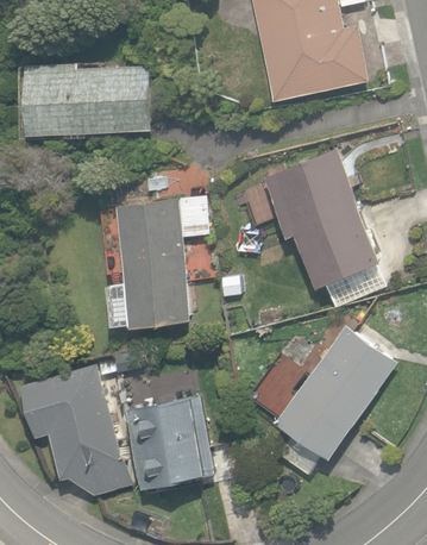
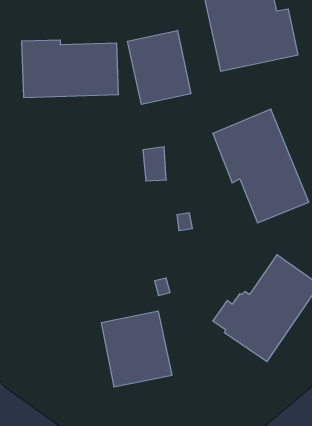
building: none -> [128,30,191,104]
building: [107,200,190,328] -> none
building: [20,361,130,497] -> none

